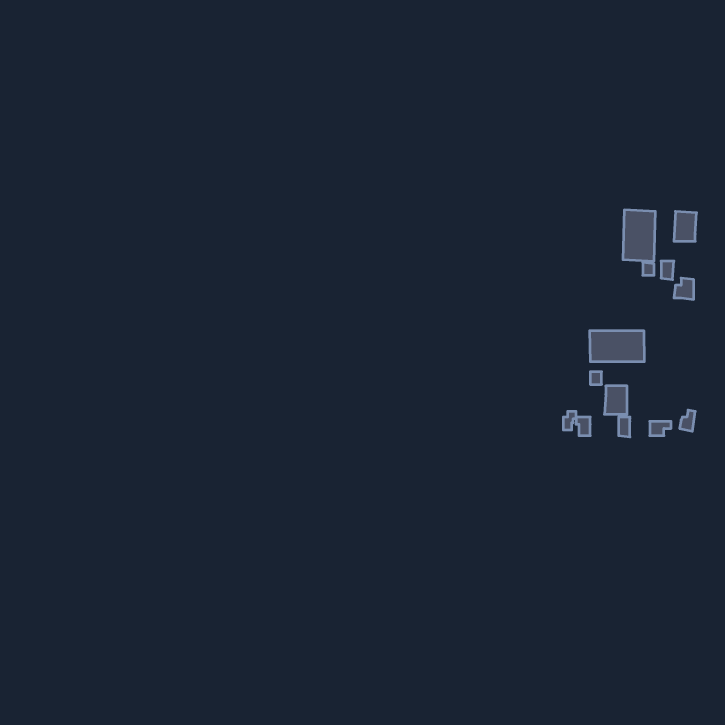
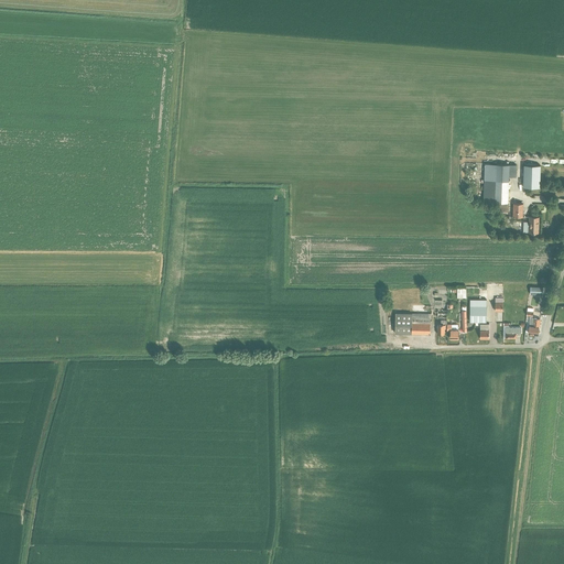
building: [590,331,644,362] -> none
building: none -> [394,310,431,334]

